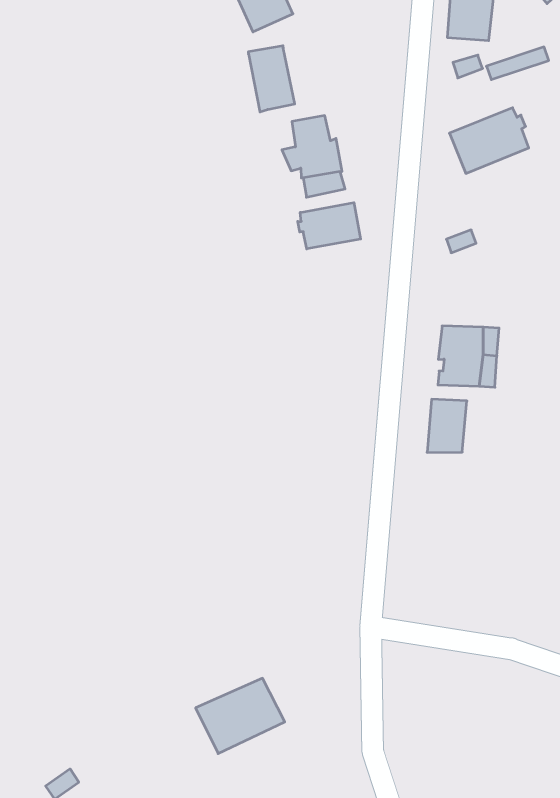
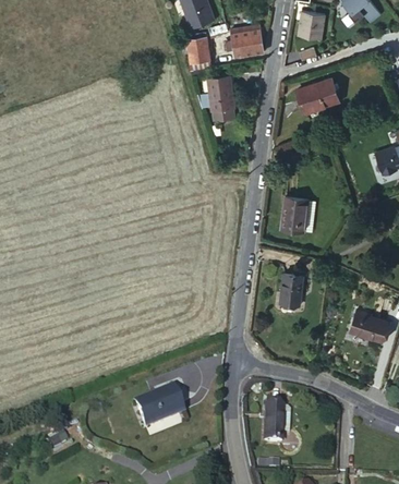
building: none -> [232,25,265,57]
building: [298,203,361,249] -> none
building: [427,399,467,452] -> [279,275,303,305]
building: none -> [264,408,283,444]

